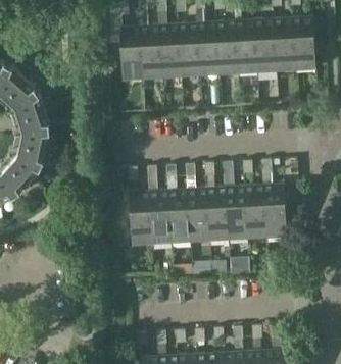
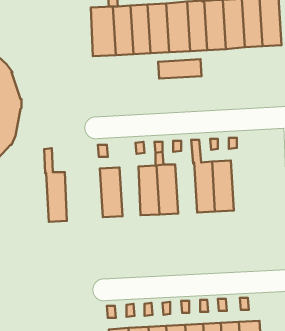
building: none -> [158,59,201,79]
building: [148,167,172,243] -> [44,148,67,222]
building: [264,185,288,237] -> none
building: [207,188,230,240] -> none

